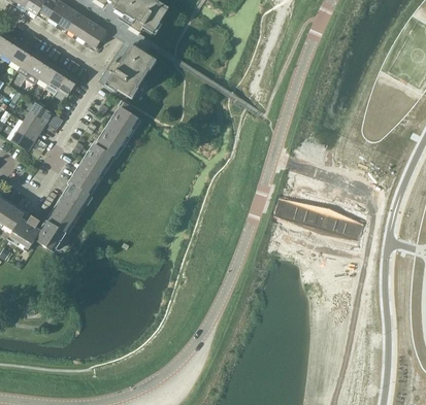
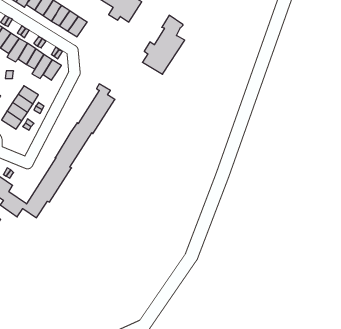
building: [107,32,155,98] -> [142,15,185,74]

